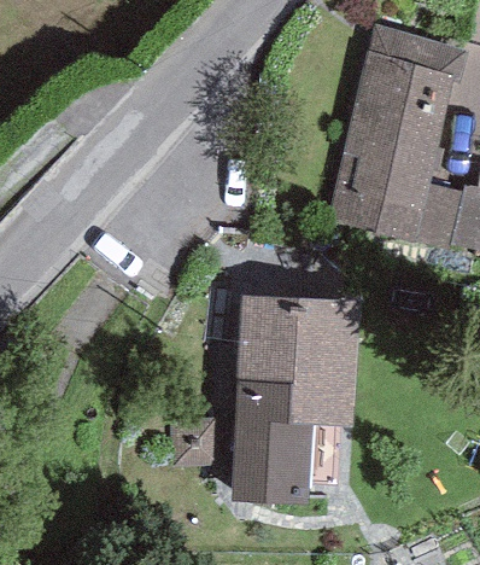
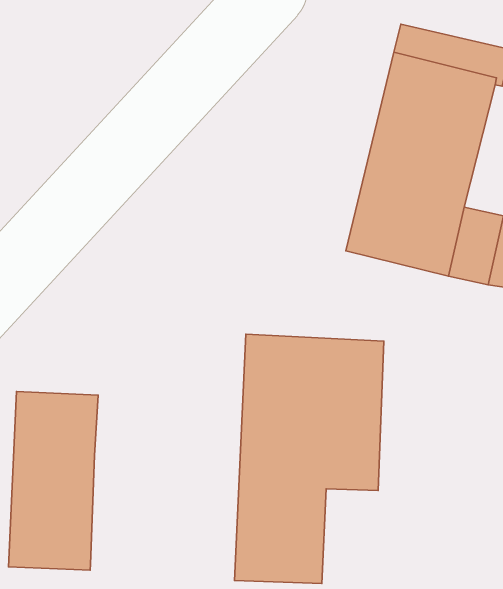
building: none -> [8,392,98,570]

